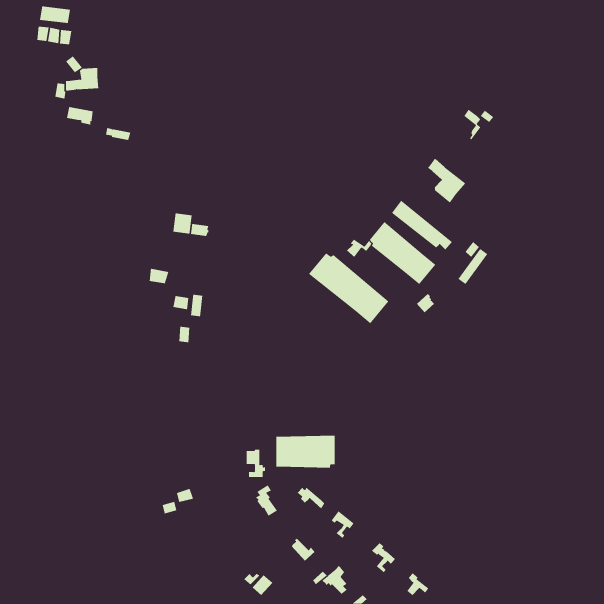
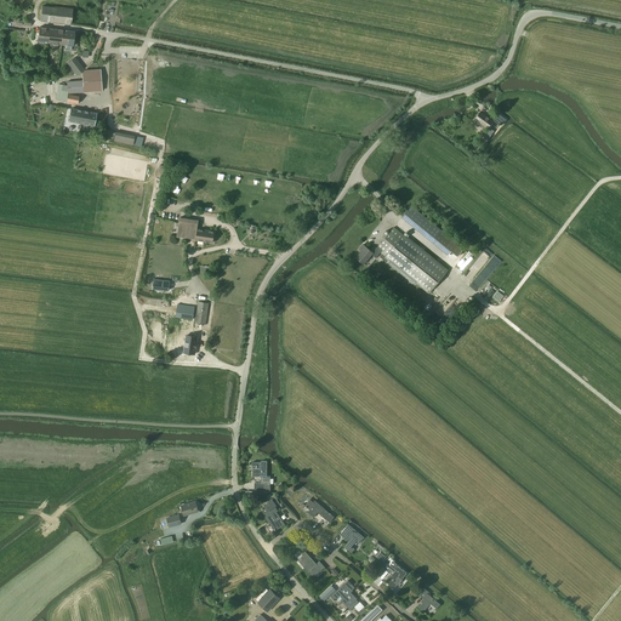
building: [427,158,466,204] -> none
building: [308,253,389,324] -> none
building: [276,435,335,468] -> none

